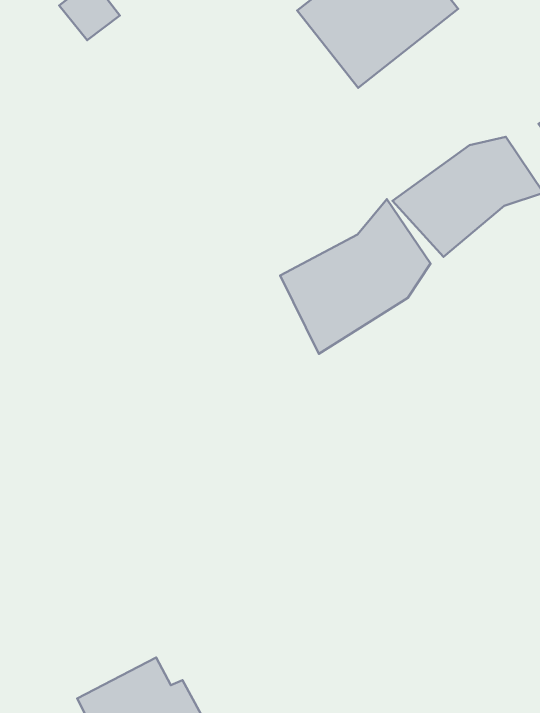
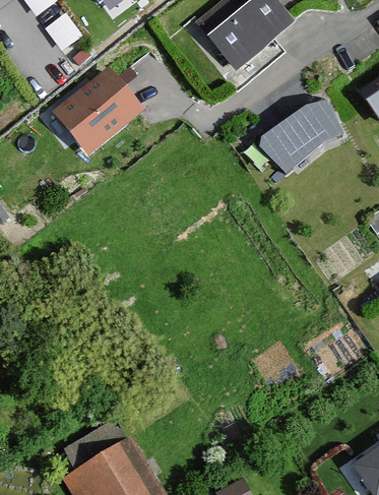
building: none -> [53,67,146,159]
building: [280,199,431,354] -> none

